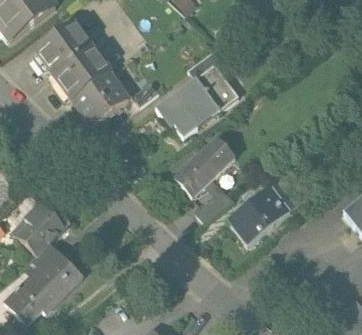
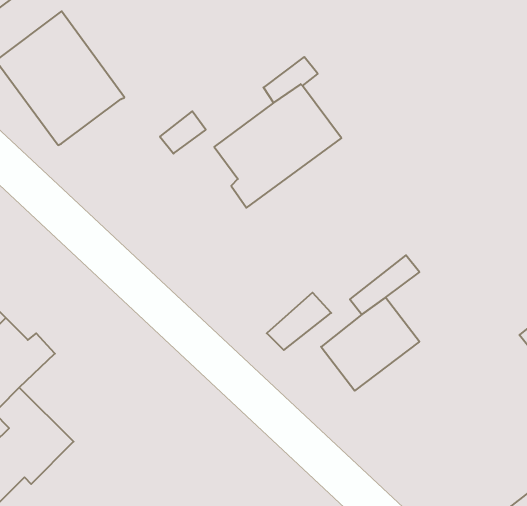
building: [74,72,128,124] -> none
building: [175,137,235,196] -> none

